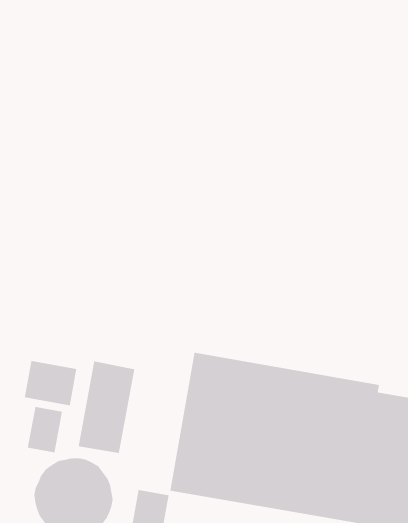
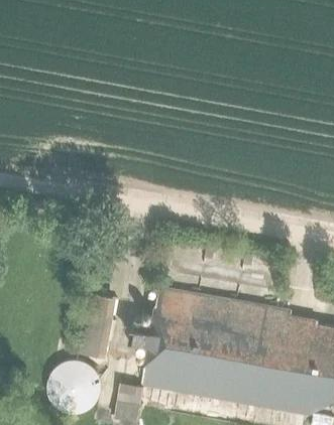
building: [24,360,77,406] -> none
building: [27,406,63,453] -> none

